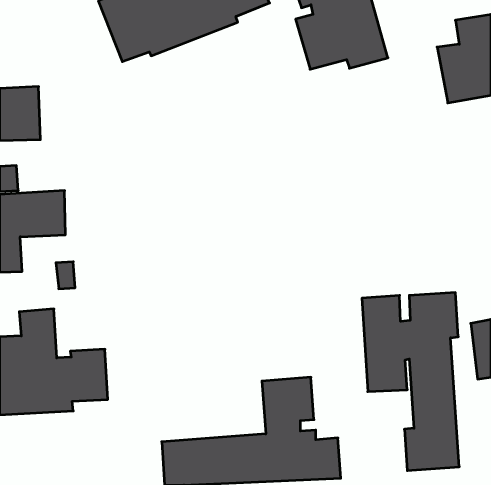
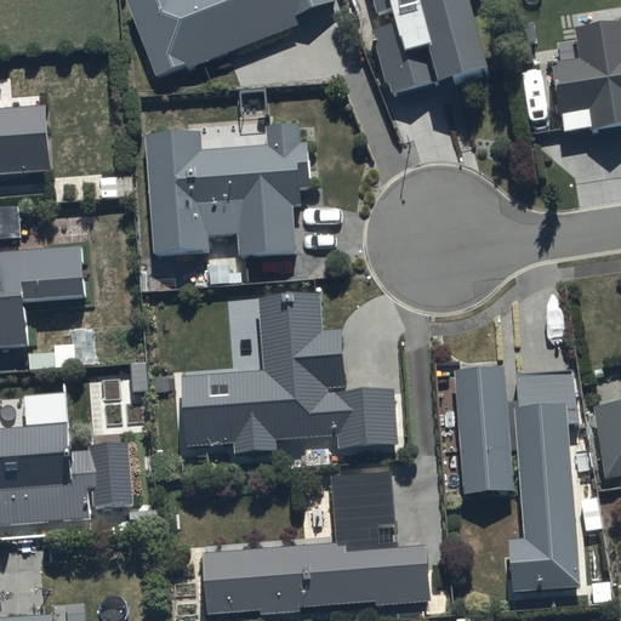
building: none -> [143,121,312,252]
building: none -> [182,291,397,451]

